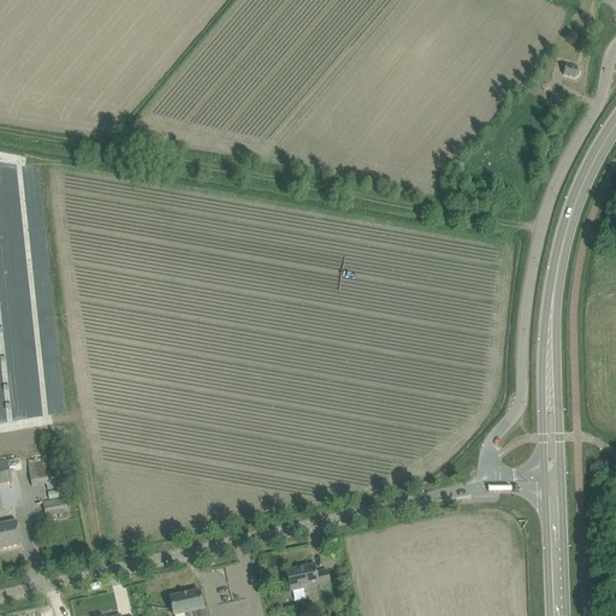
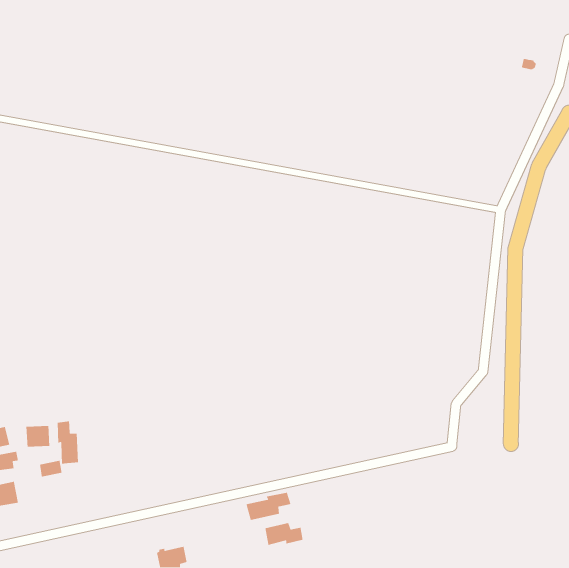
building: none -> [57,421,79,465]
building: none -> [245,492,291,521]

